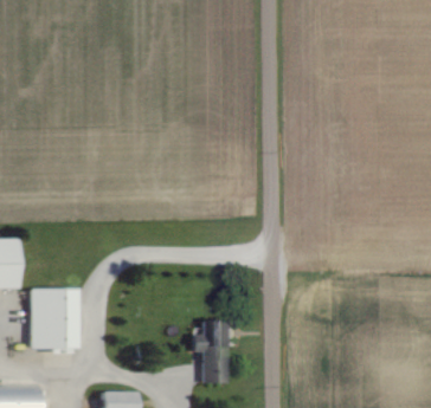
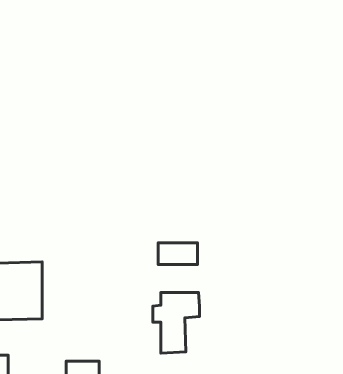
building: none -> [158,243,198,264]

